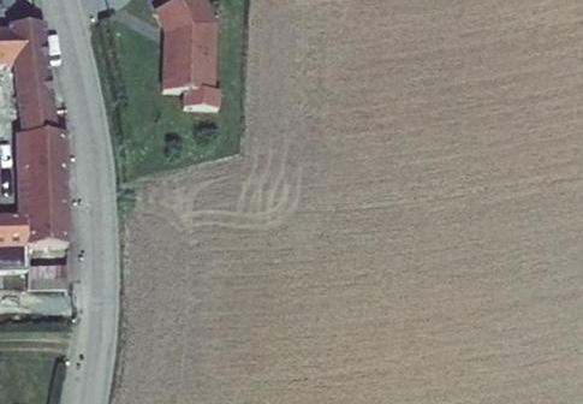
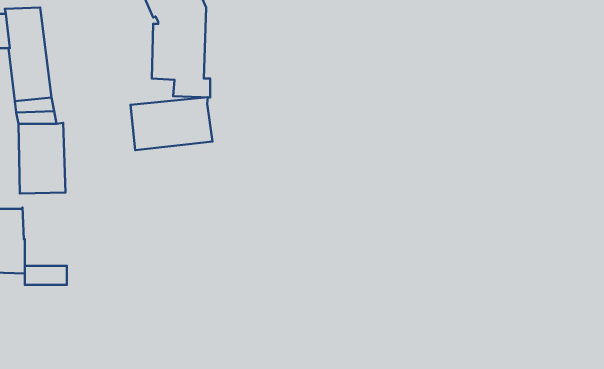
building: none -> [130,97,212,150]
building: [24,195,69,240] -> none

